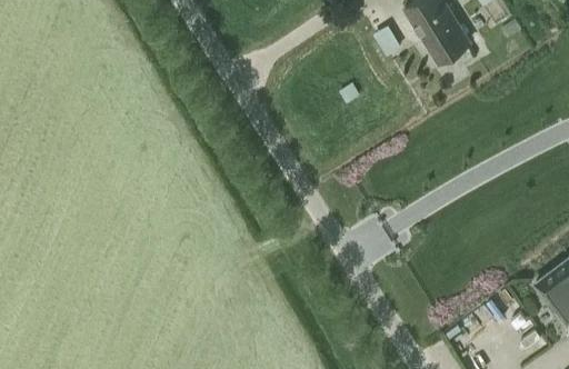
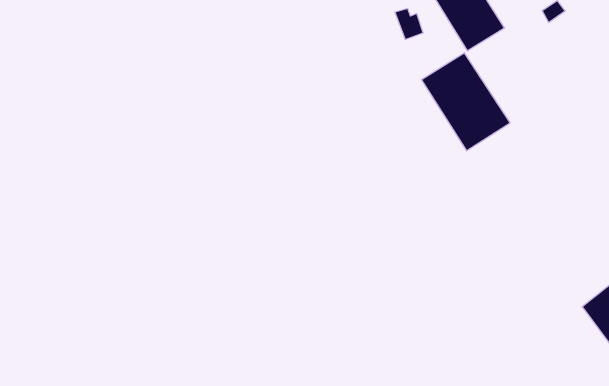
building: none -> [422,53,510,151]

